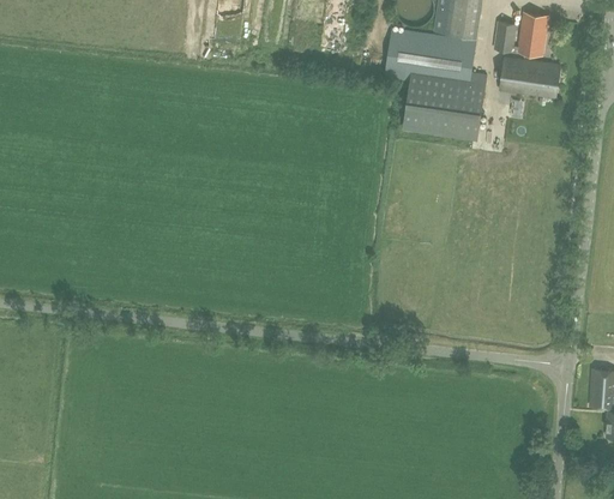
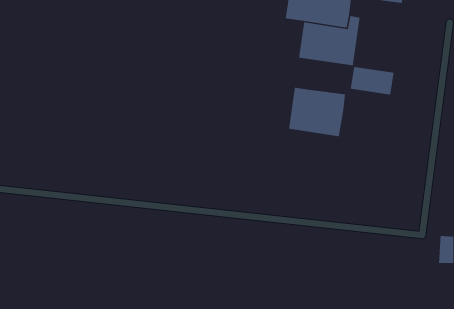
building: [500,56,560,96] -> [350,66,394,95]
building: none -> [288,87,346,137]

